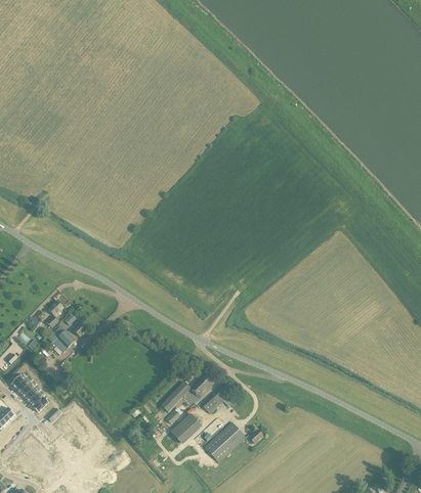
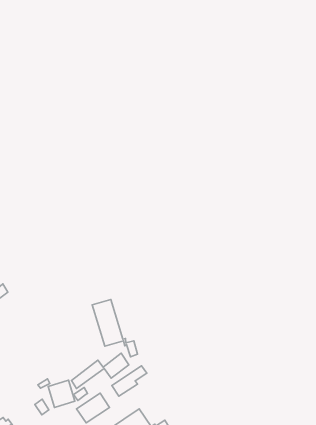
building: none -> [92,299,137,357]
building: none -> [48,380,75,407]

